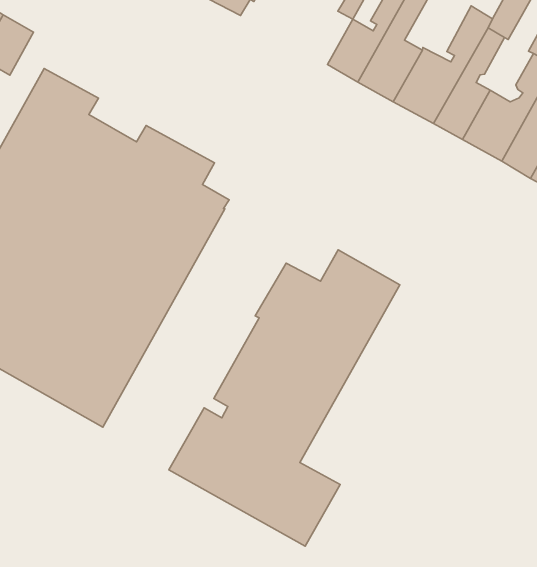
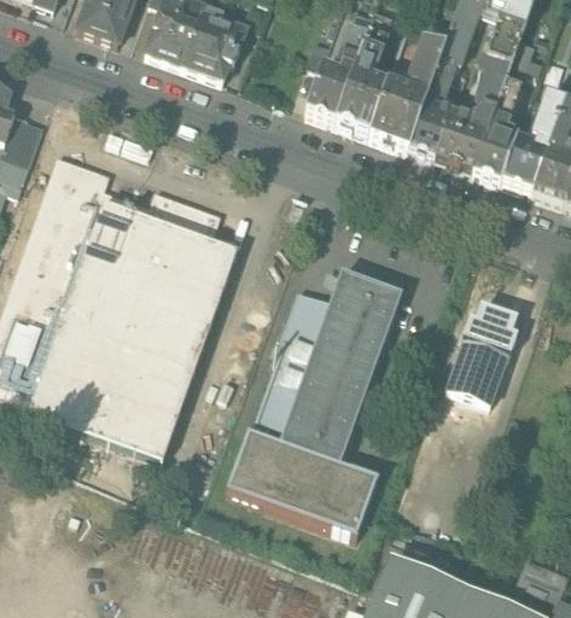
building: none -> [448,307,515,400]

